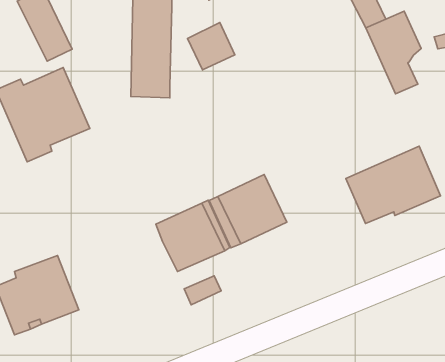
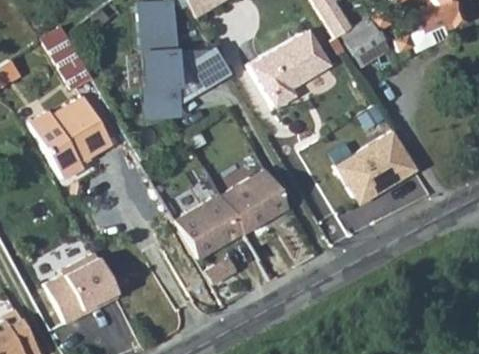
building: none -> [249,30,328,107]
building: none -> [174,47,210,101]

